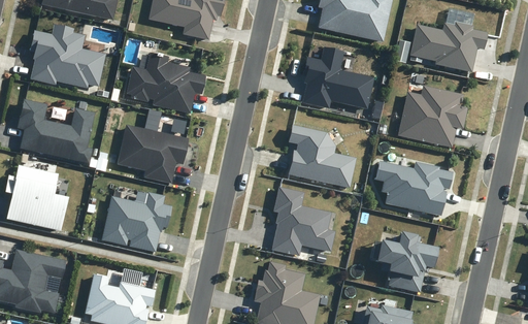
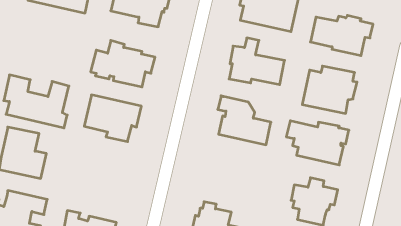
building: [30,26,105,88] -> none
building: [271,188,335,256] -> none
building: [101,191,172,251] -> none

